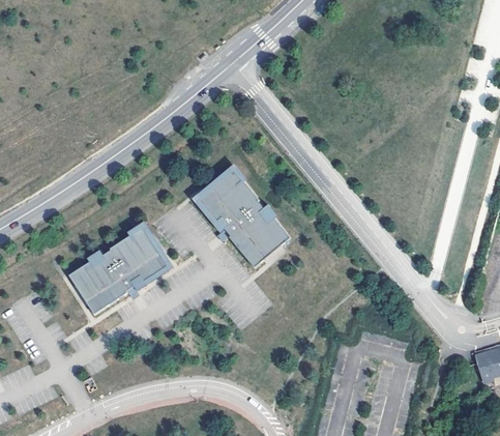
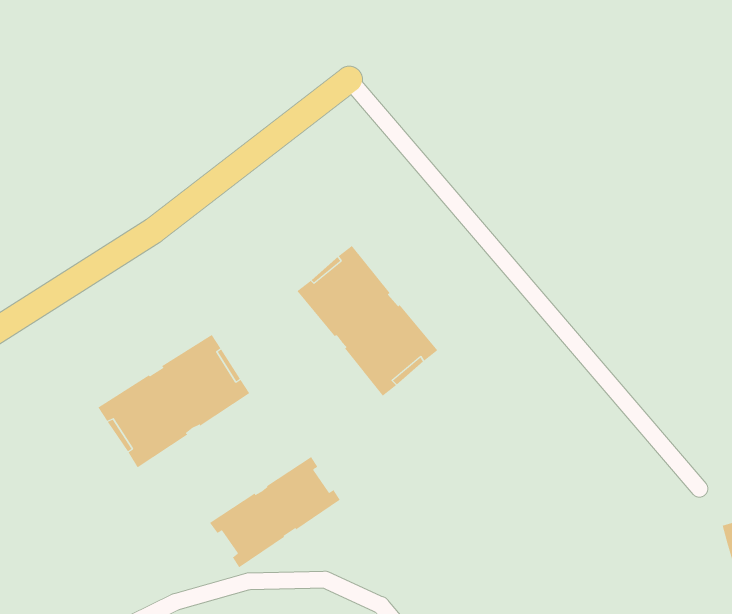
building: none -> [209,456,340,568]

